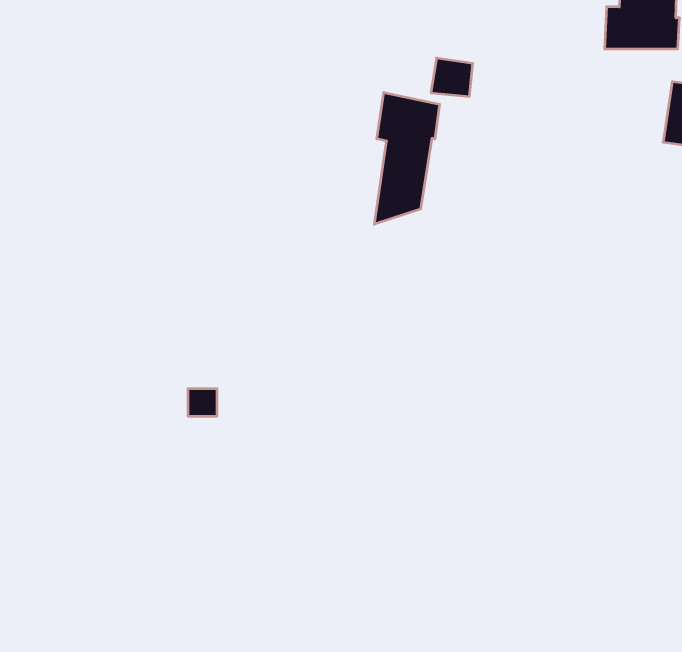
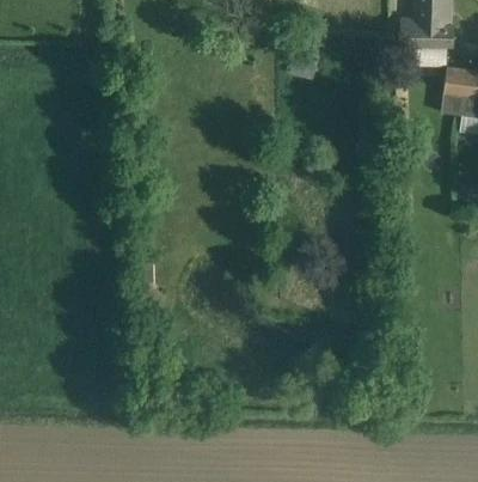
building: [374,92,440,224] -> none

